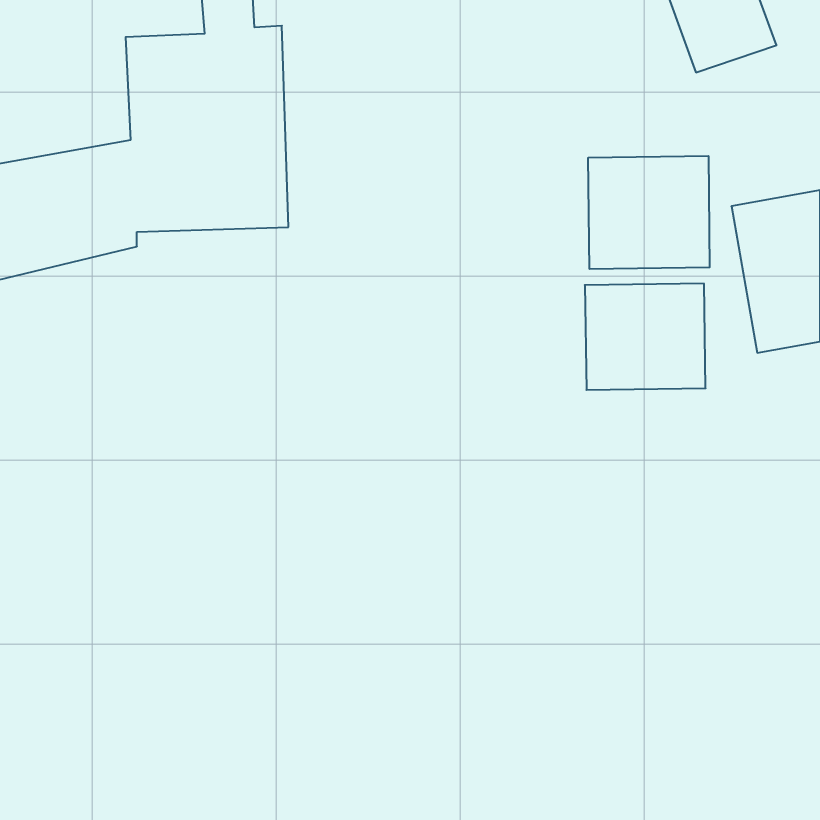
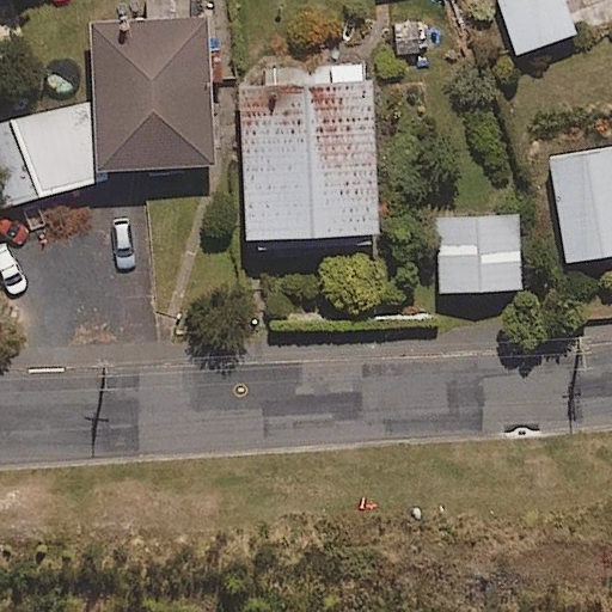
building: none -> [245,68,369,241]
building: [588,156,710,269] -> none

